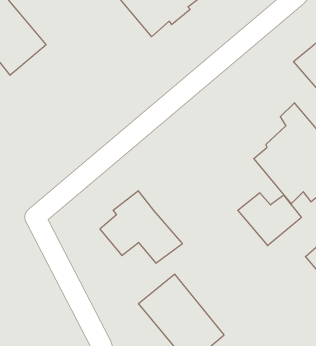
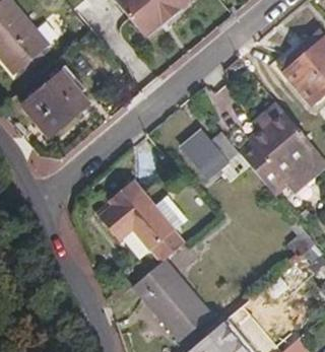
building: none -> [22,74,87,137]
building: [238,193,301,246] -> [180,129,239,178]

